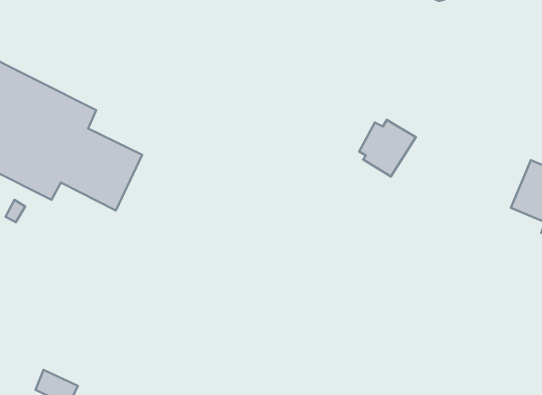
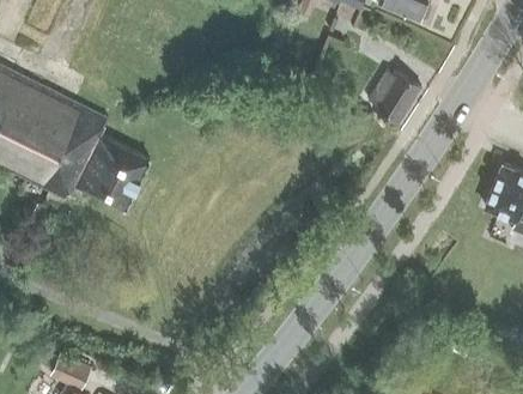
building: [359,120,416,177] -> [370,72,421,123]

